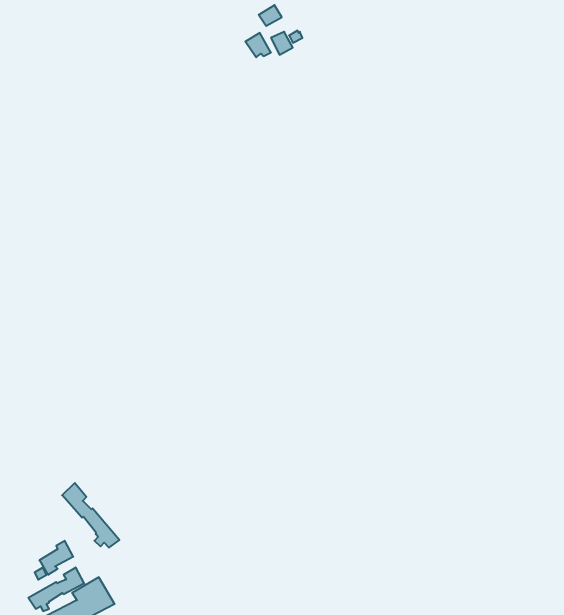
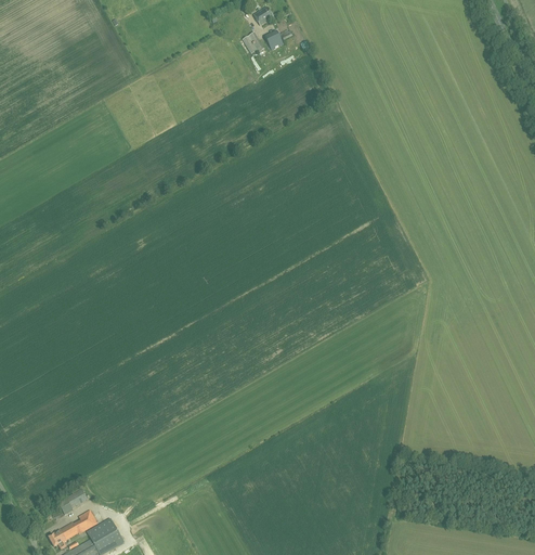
building: [62,483,119,548] -> none

